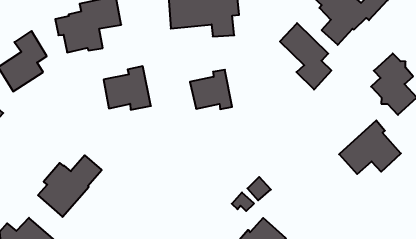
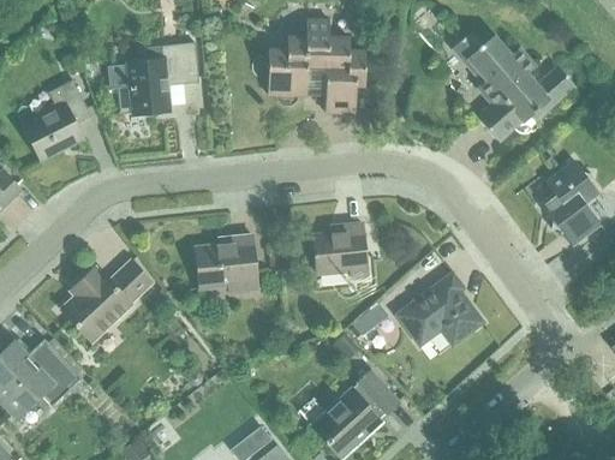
building: [280,23,331,90] -> none
building: [104,66,151,110] -> [196,234,258,293]
building: [190,70,232,109] -> [312,223,368,277]
building: [339,120,401,174] -> [396,273,483,345]

